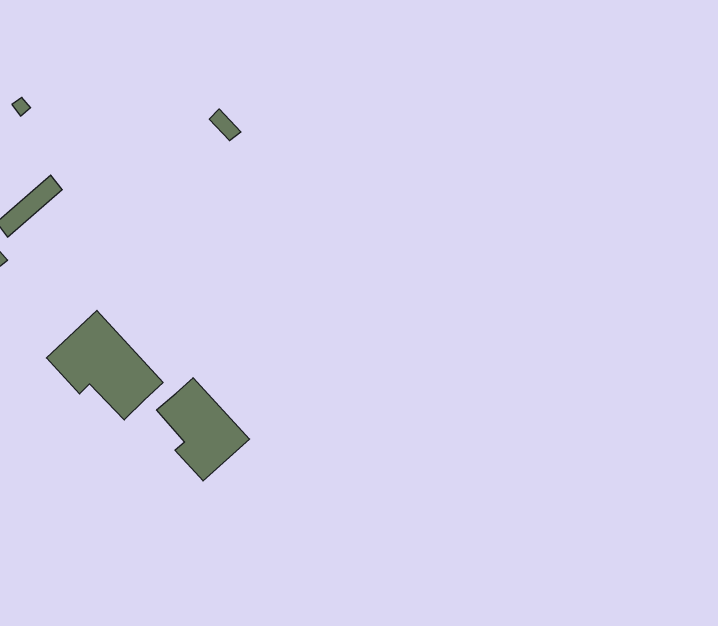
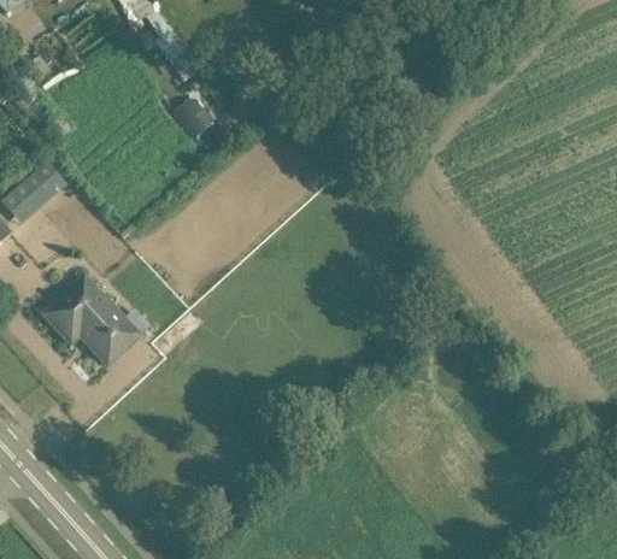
building: [157,378,250,481] -> none

